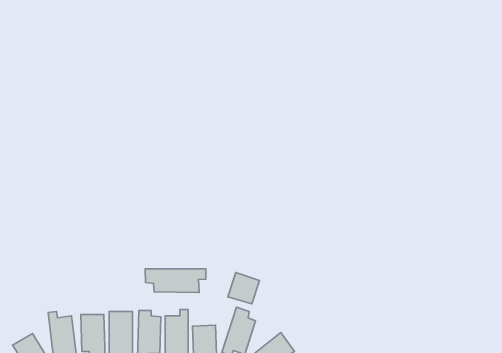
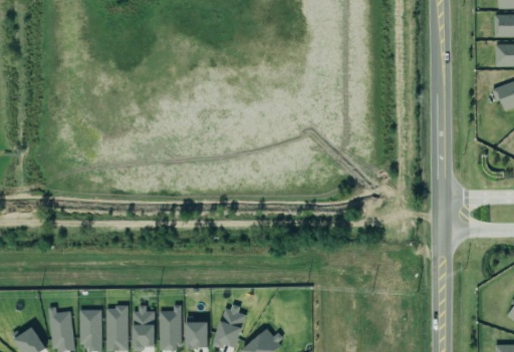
building: [145,269,206,292] -> none
building: [228,273,260,304] -> none

